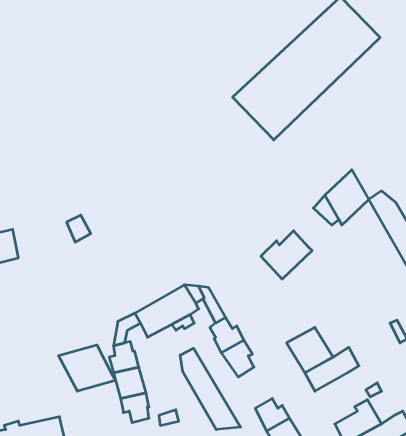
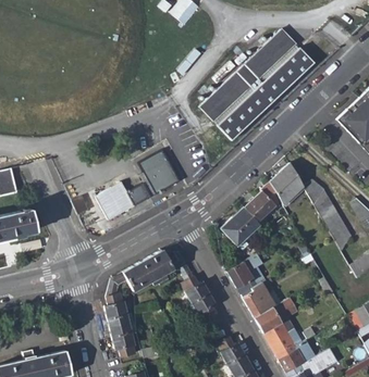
building: none -> [143,152,182,194]
building: none -> [96,184,135,222]
building: none -> [245,192,275,223]
building: none -> [227,254,267,296]
building: [59,345,116,391] -> none
building: [180,348,241,430] -> none
building: none -> [262,318,295,357]

